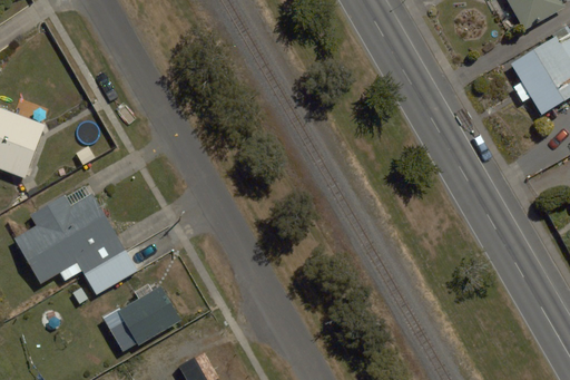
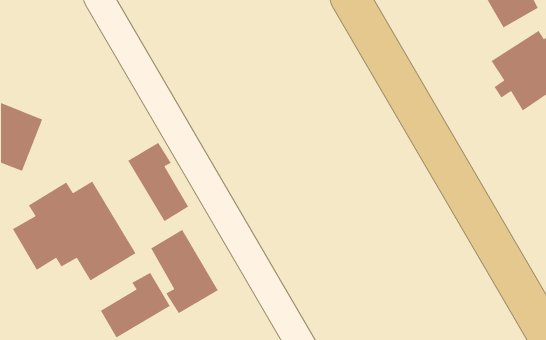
building: none -> [127,142,189,222]
building: none -> [150,229,219,314]

